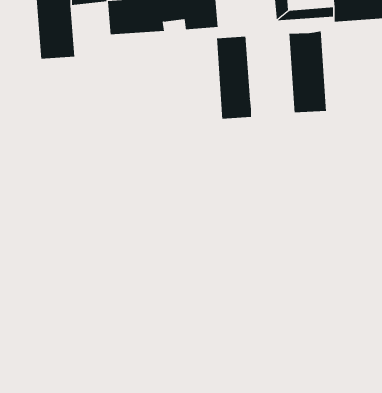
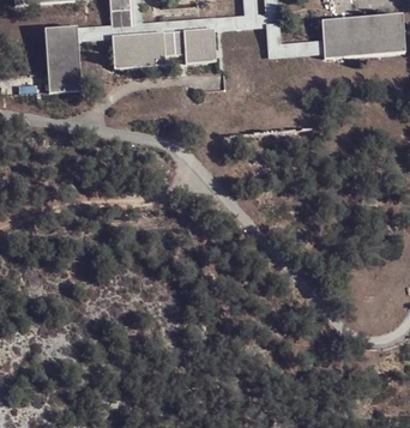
building: [289,31,327,113] -> none
building: [216,36,252,119] -> none

